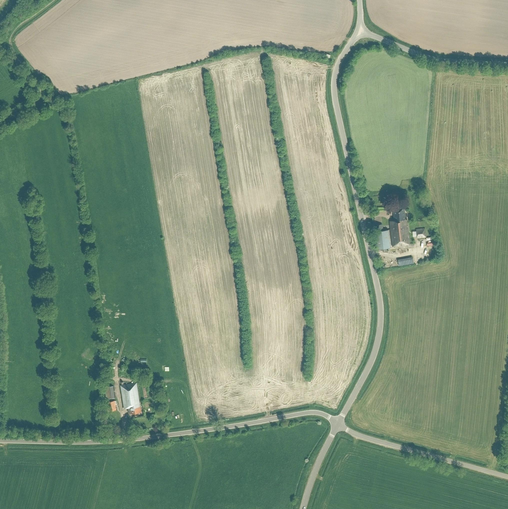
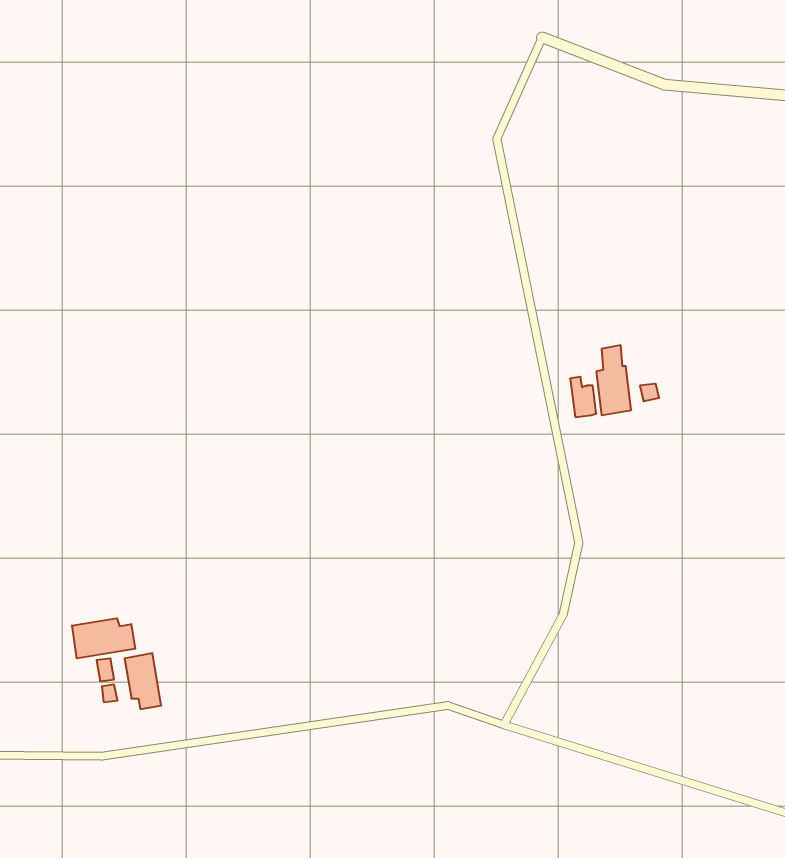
building: none -> [72,618,135,658]

